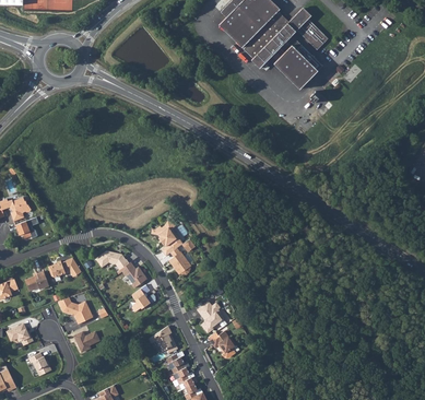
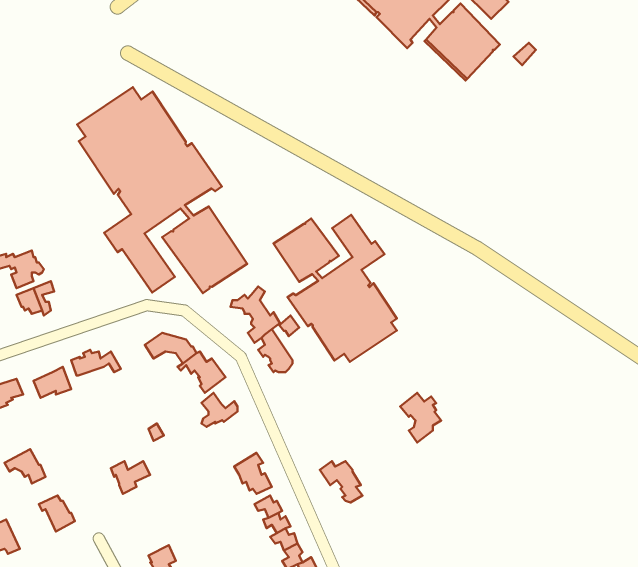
building: none -> [77,87,247,293]
building: none -> [274,215,397,362]
building: [58,297,93,323] -> none
building: [196,302,222,333] -> [400,393,441,443]

